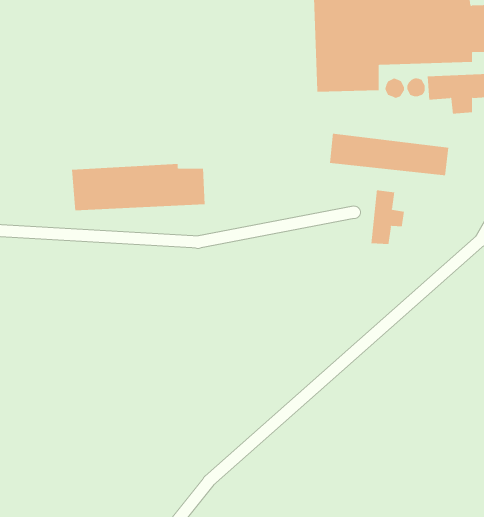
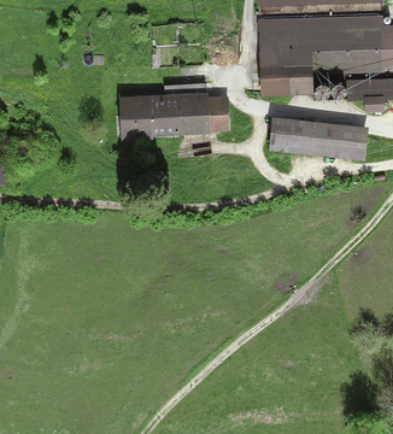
building: [71,163,205,211] -> [123,96,225,133]
building: [371,190,404,245] -> none

